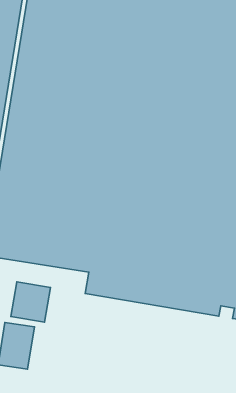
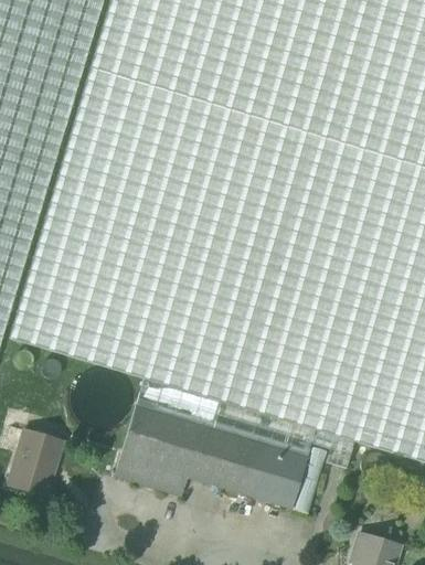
building: [11,282,51,322] -> none
building: none -> [113,404,307,511]

